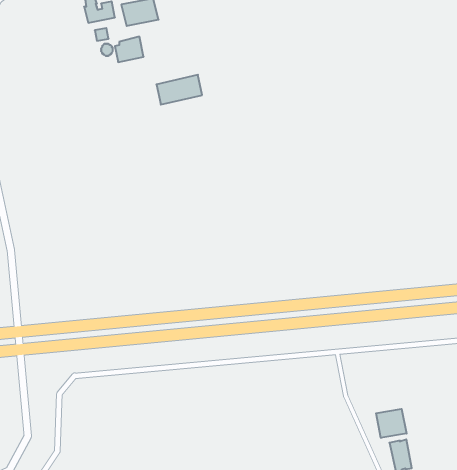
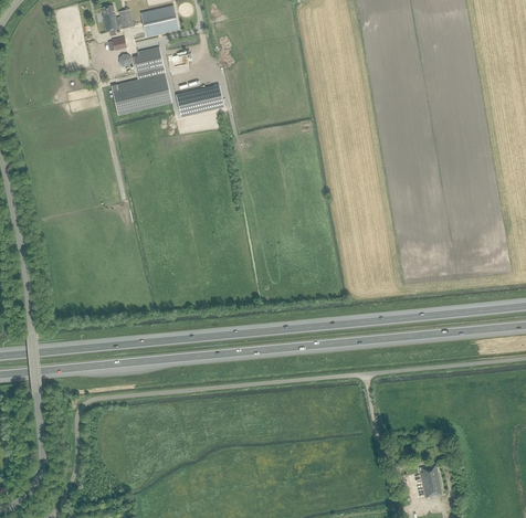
building: none -> [111,72,171,114]
building: [376,409,407,438] -> none

